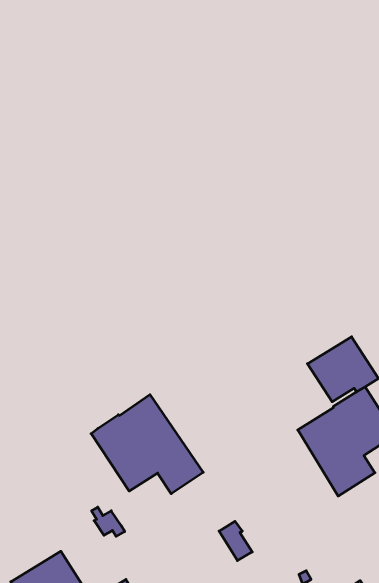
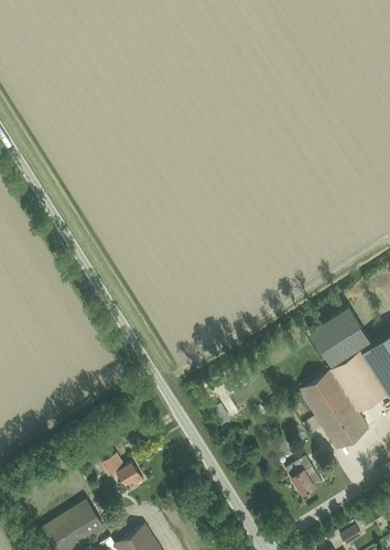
building: [91,395,203,494] -> none
building: [219,521,252,561] -> [285,460,315,495]

